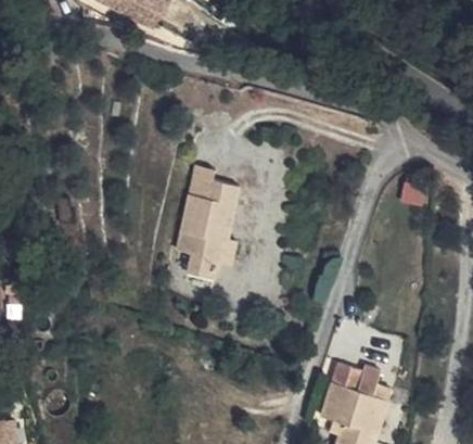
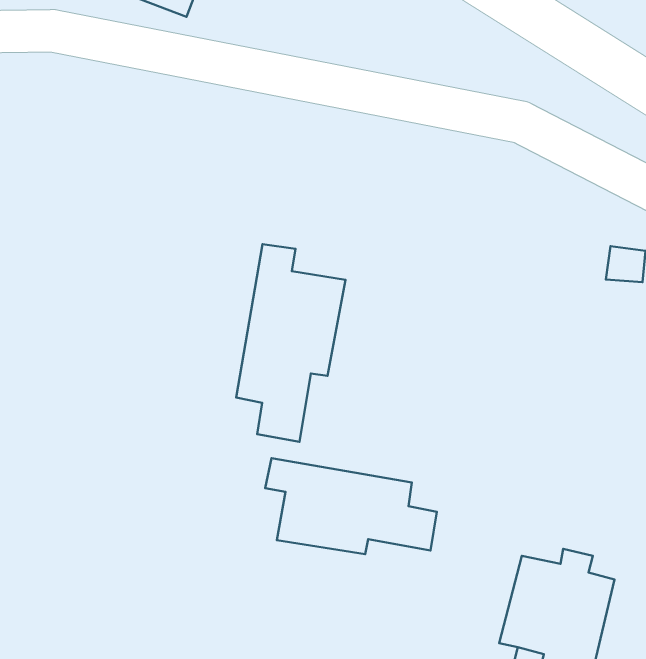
building: none -> [265,458,437,554]

